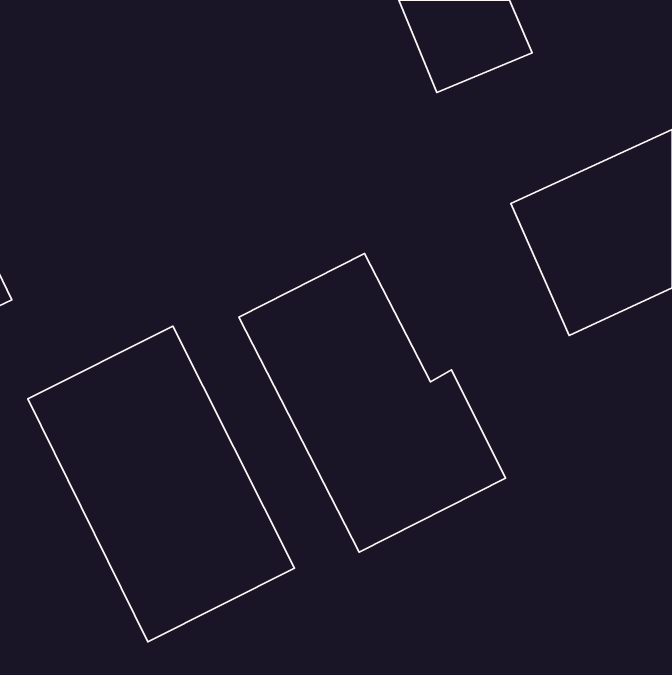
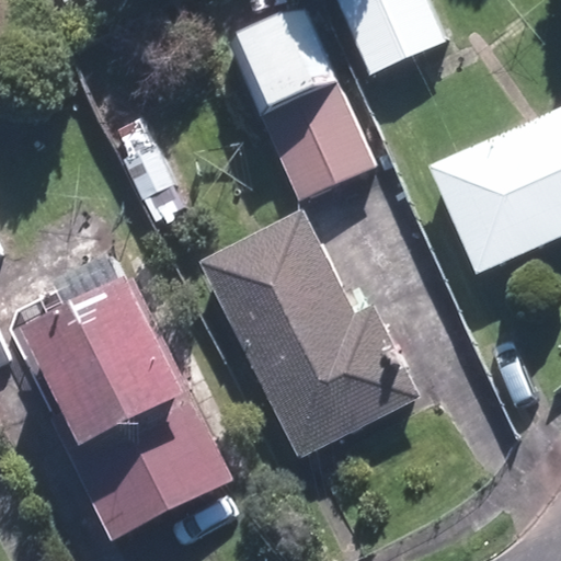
building: none -> [231,9,375,198]

